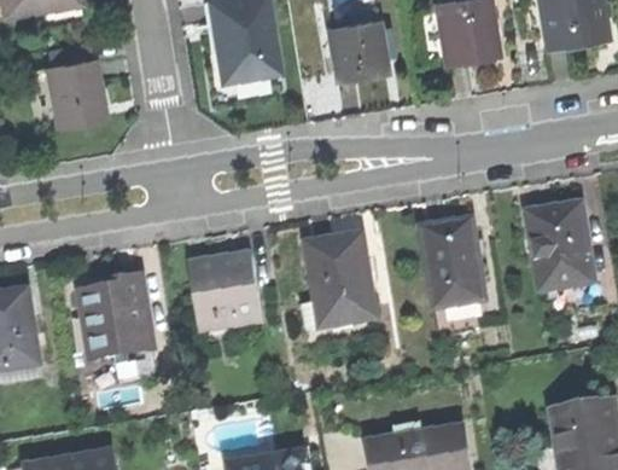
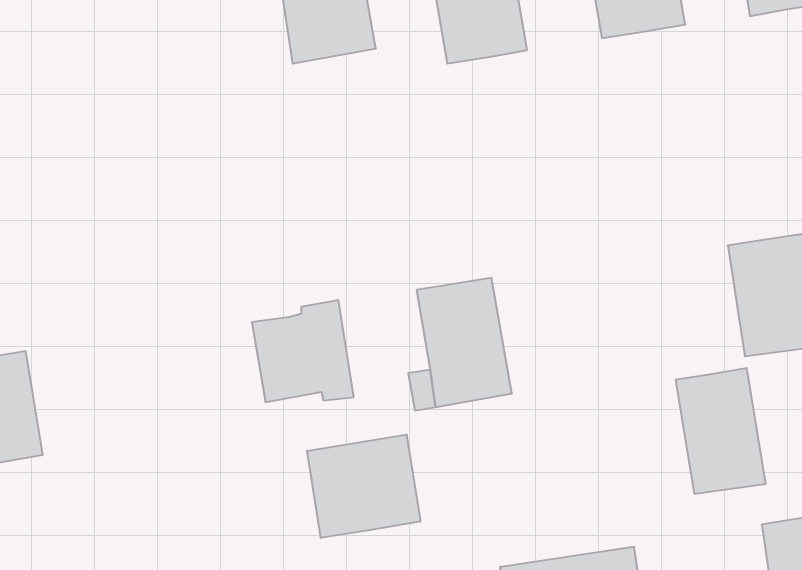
building: [41,56,106,128] -> none
building: [424,219,488,308] -> [676,368,766,494]
building: [82,275,154,359] -> none
building: none -> [307,434,420,538]

